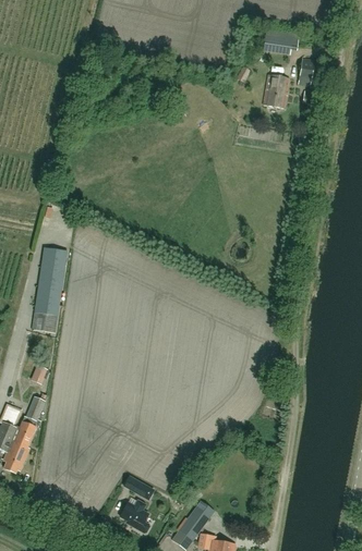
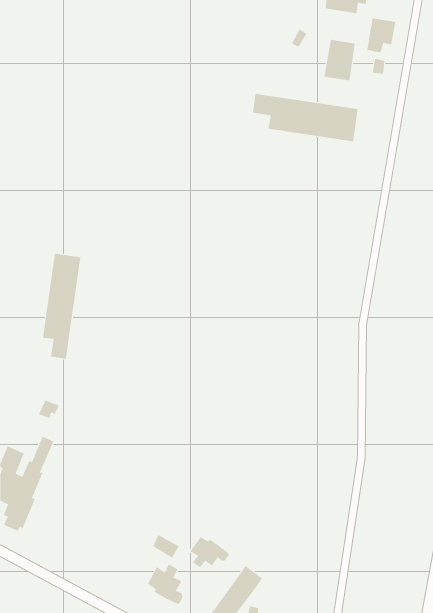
building: none -> [252,93,358,142]
building: none -> [190,537,230,568]

